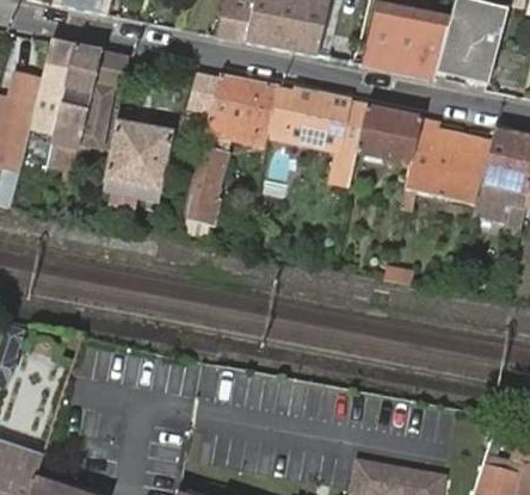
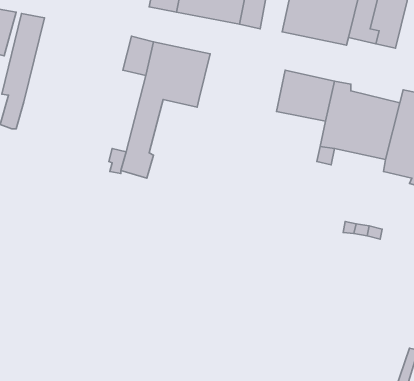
building: [79,50,131,147] -> none
building: [271,85,366,173] -> none
building: [103,120,174,212] -> none

